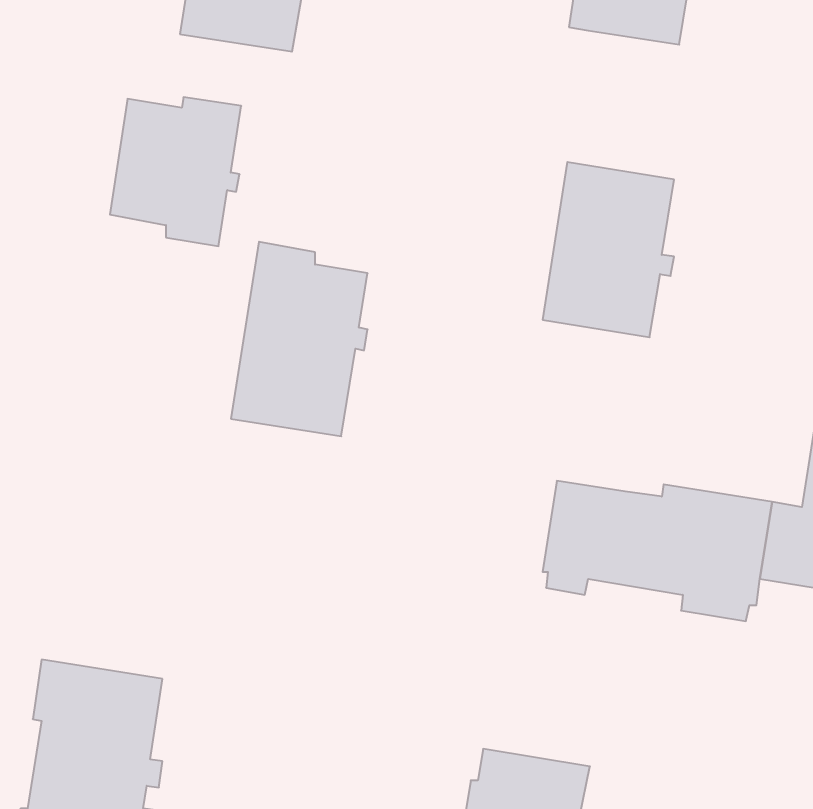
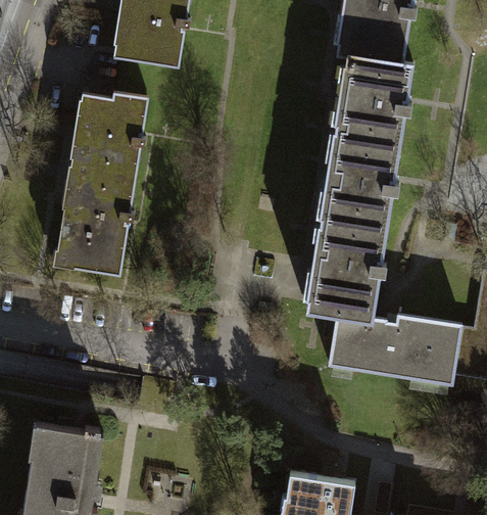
building: none -> [337,54,412,141]
building: [231,242,368,436] -> [54,161,134,275]
building: none -> [308,223,387,323]

